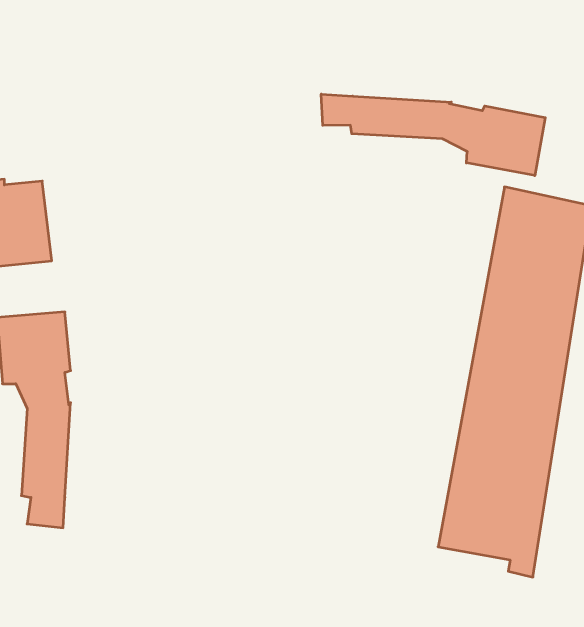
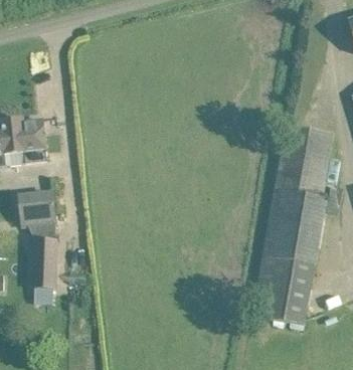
building: [321,94,545,176] -> none

